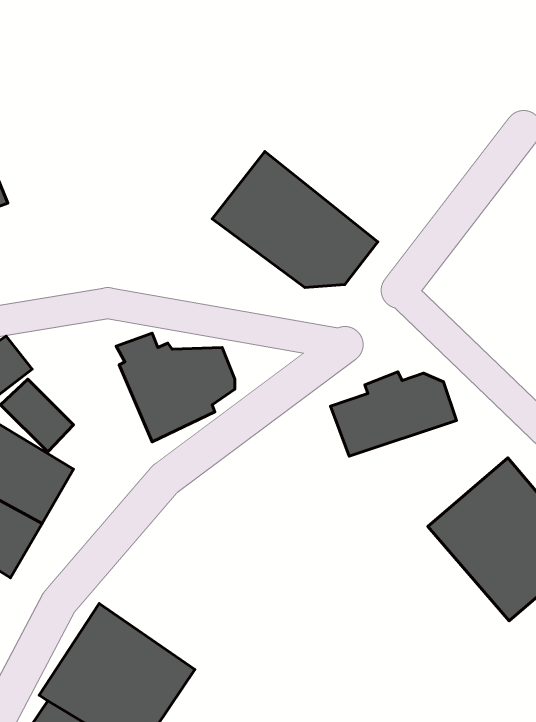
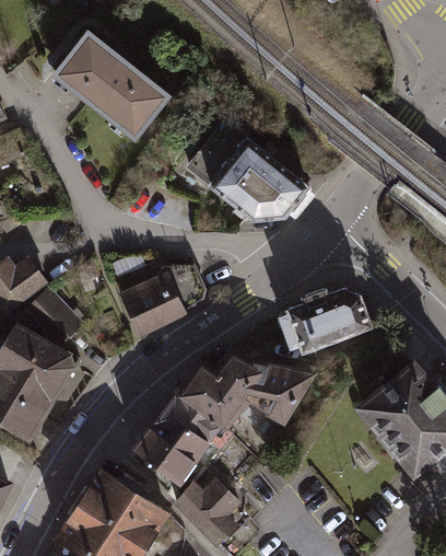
building: none -> [51,28,172,141]
building: none -> [132,345,317,485]
building: none -> [173,477,242,544]

